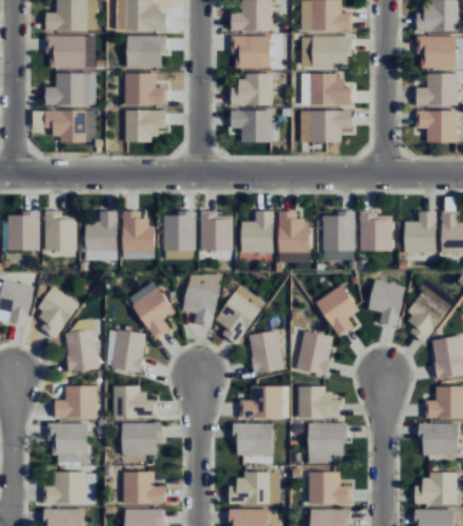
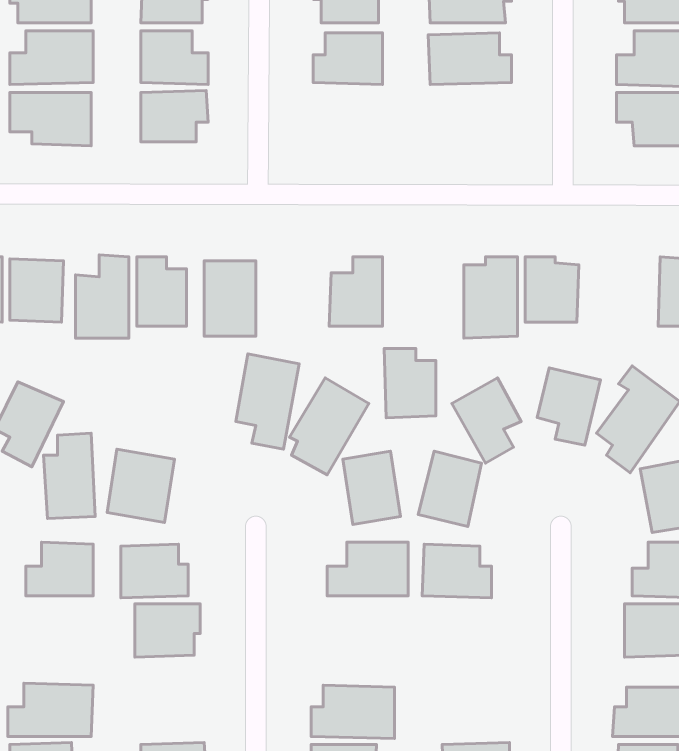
building: [230,110,278,142] -> none
building: [299,110,351,142] -> none
building: [201,211,233,251] -> none
building: [278,211,309,253] -> [384,349,436,418]
building: [404,211,436,253] -> none
building: [127,280,176,339] -> none
building: [51,423,87,463] -> none
building: [234,423,271,456] -> none
building: [308,423,347,463] -> none
building: [124,471,165,504] -> none
building: [308,471,350,504] -> none

